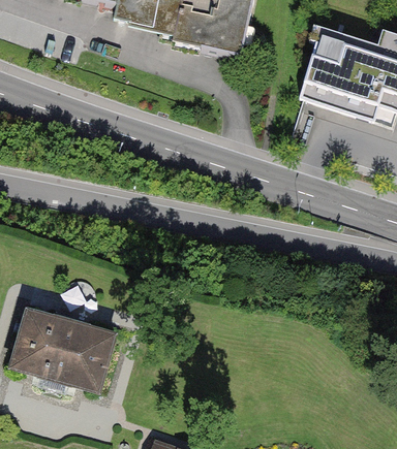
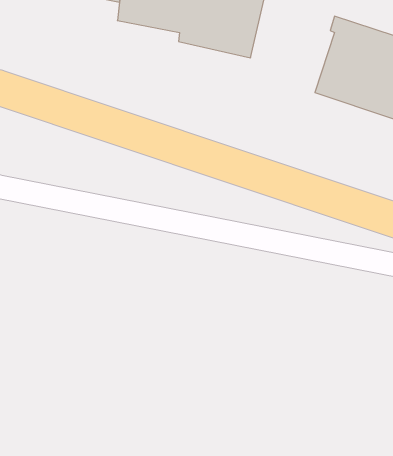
building: [8,307,119,395] -> none

